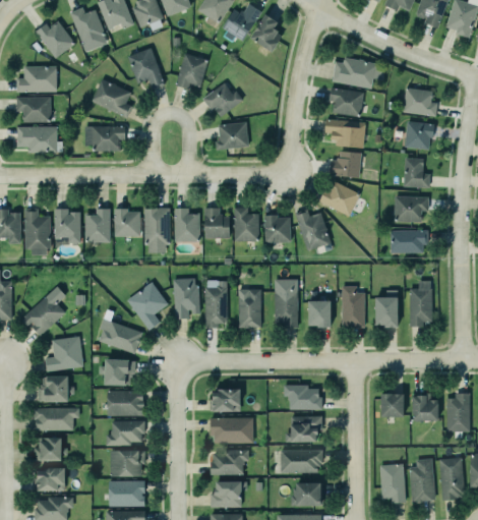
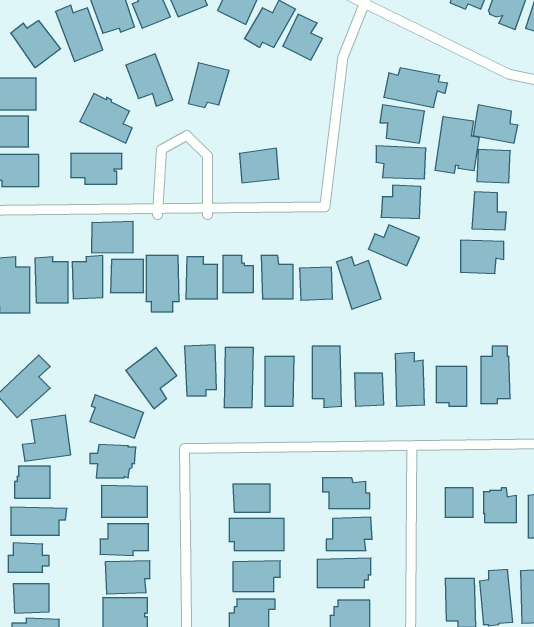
building: [202,82,243,118] -> none
building: none -> [435,116,479,173]
building: none -> [92,221,133,253]
building: [391,231,429,253] -> none

